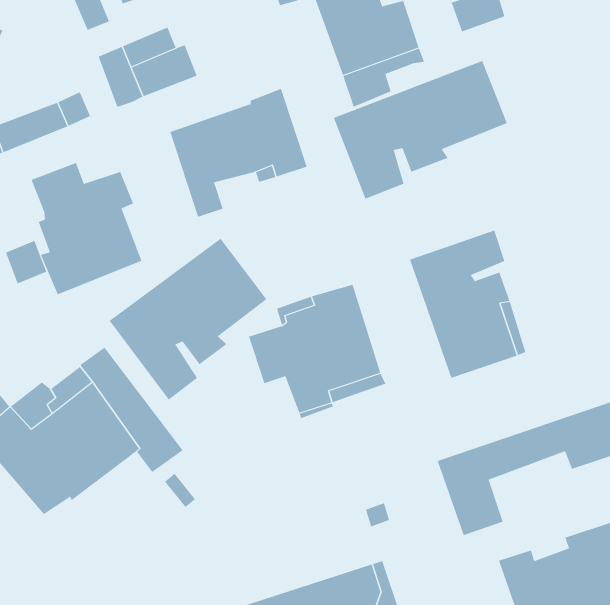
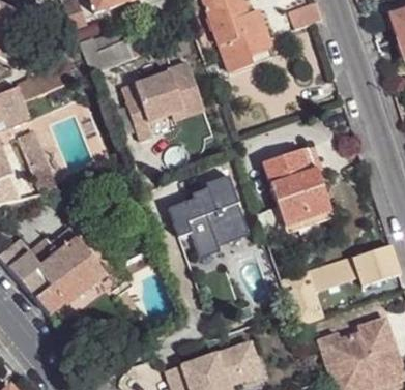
building: [333,60,508,200] -> none
building: [31,162,142,295] -> none
building: [109,238,267,400] -> none

